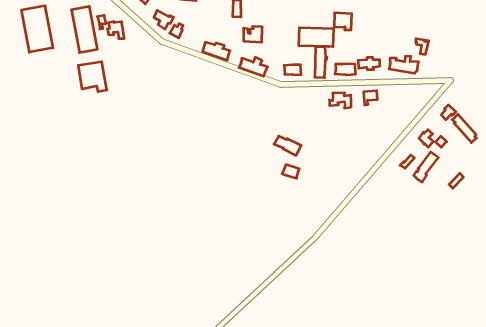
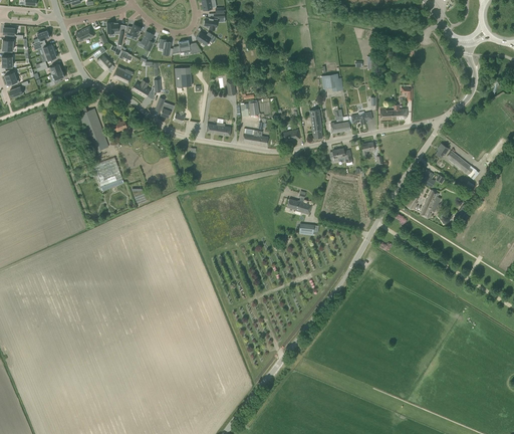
building: [22,6,53,52] -> none
building: [299,28,333,47] -> none

